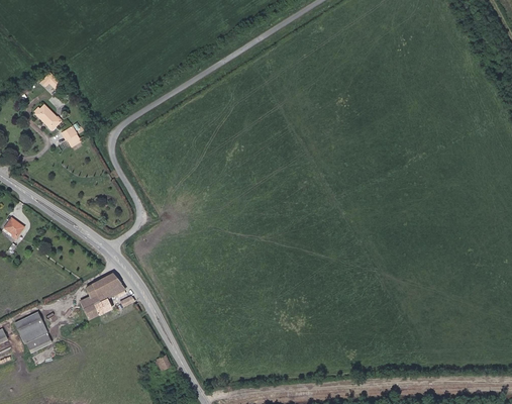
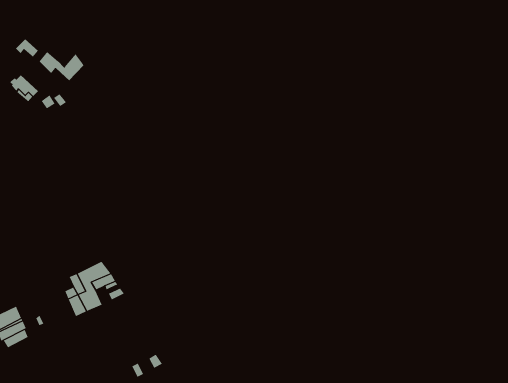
building: none -> [39,51,84,81]

